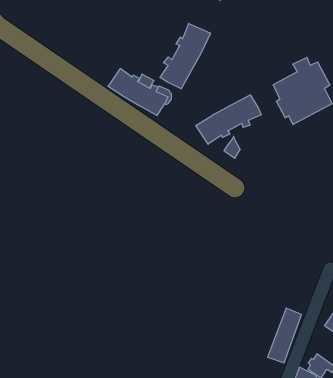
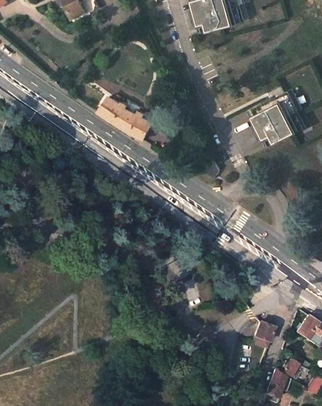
building: [160,23,210,89] -> none
building: [196,95,261,144] -> none

